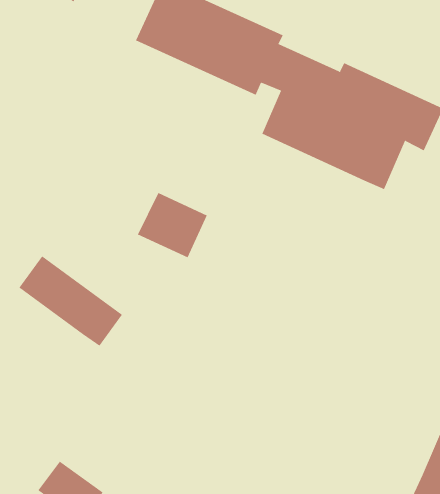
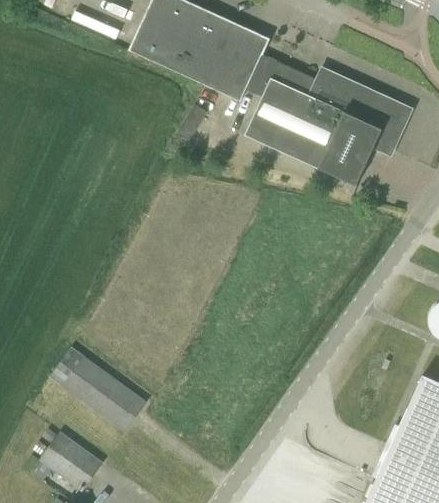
building: [137,192,207,258] -> none
building: [19,256,123,347] -> [50,347,145,430]

